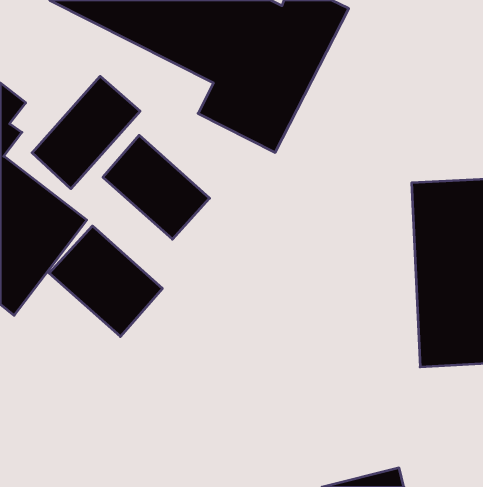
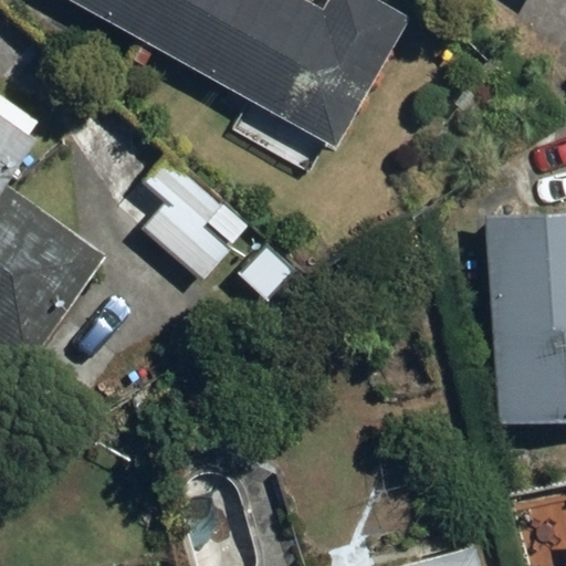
building: [32,76,140,189] -> none
building: [49,226,162,337] -> none

